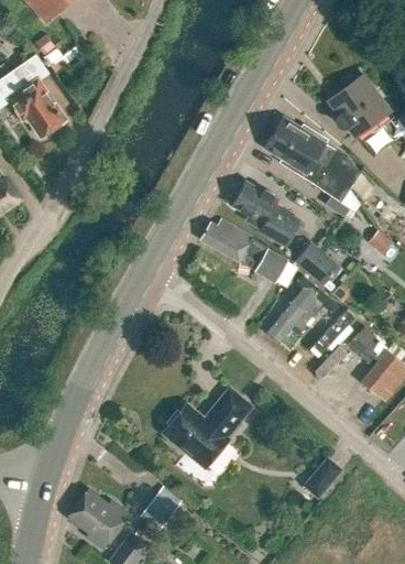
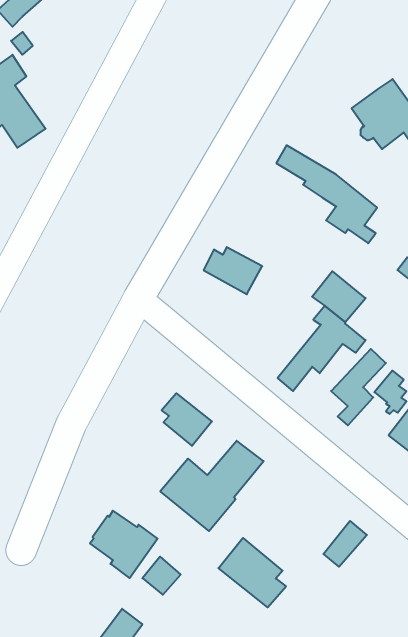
building: [273,117,364,186] -> none
building: [231,181,300,248] -> none
building: [252,248,287,283] -> none
building: none -> [162,393,212,446]
building: none -> [218,538,286,607]
building: [69,491,128,550] -> [90,511,158,578]

